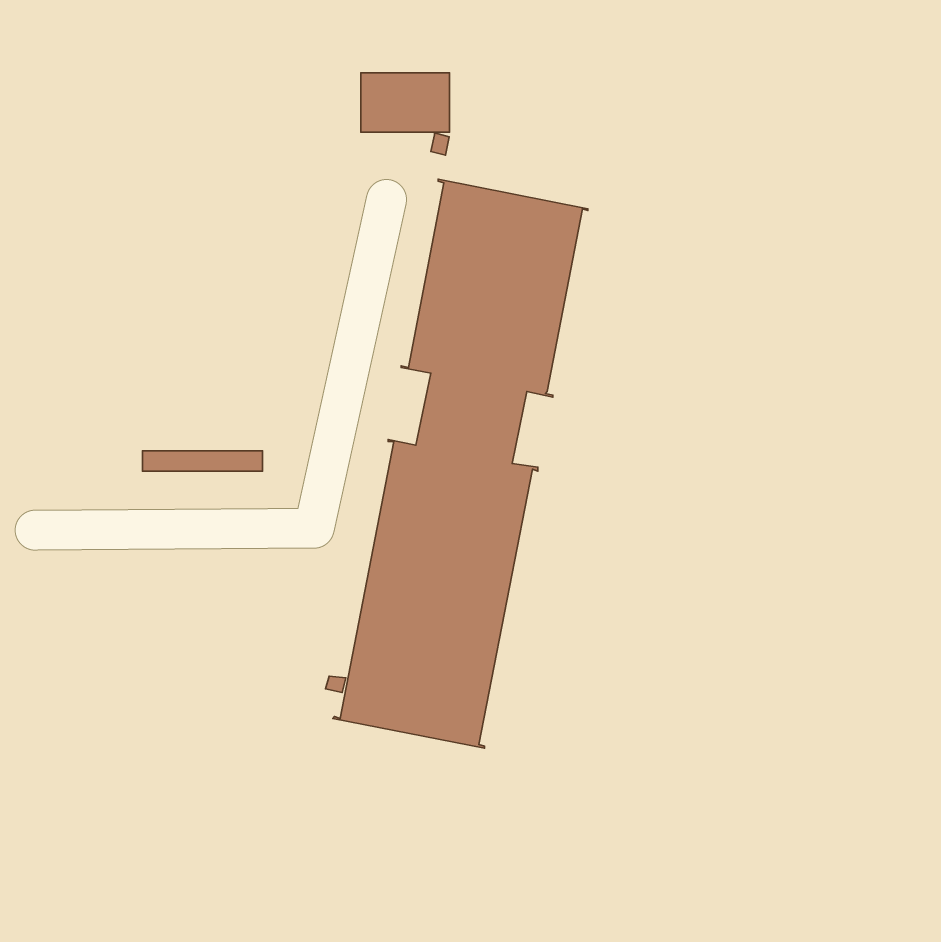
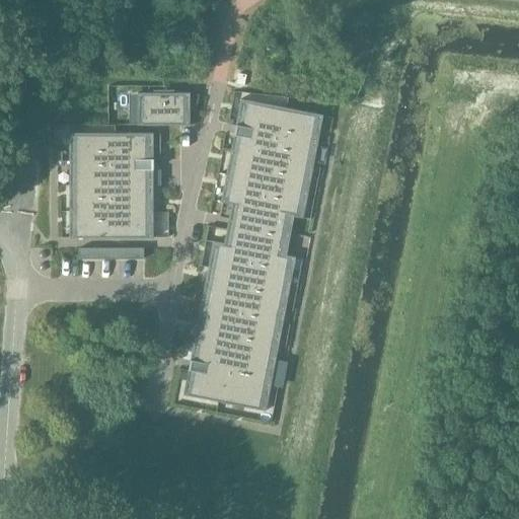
building: [361,73,450,132] -> [141,92,190,125]
building: none -> [74,132,151,237]

